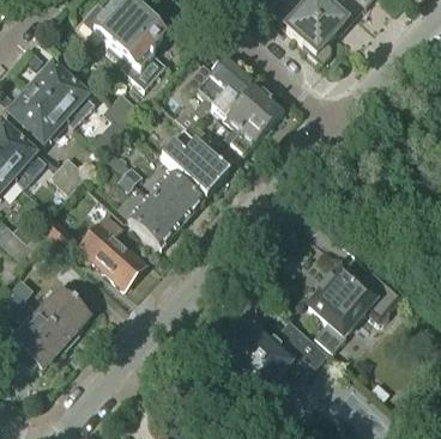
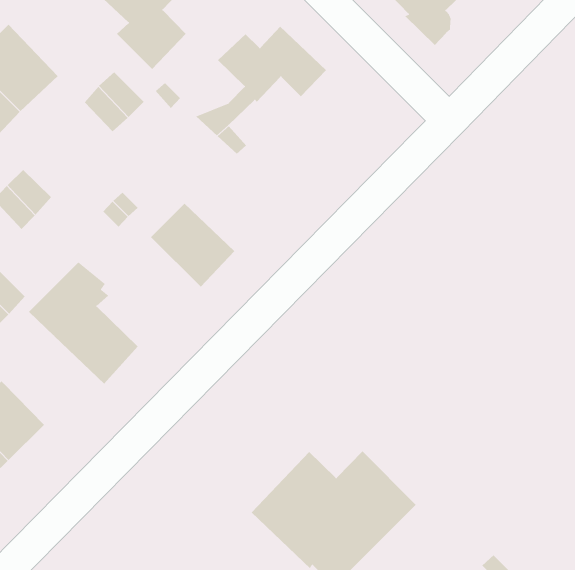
building: [212,81,285,153] -> none
building: [161,130,229,195] -> none
building: [128,193,183,246] -> none
building: [309,268,399,350] -> none

